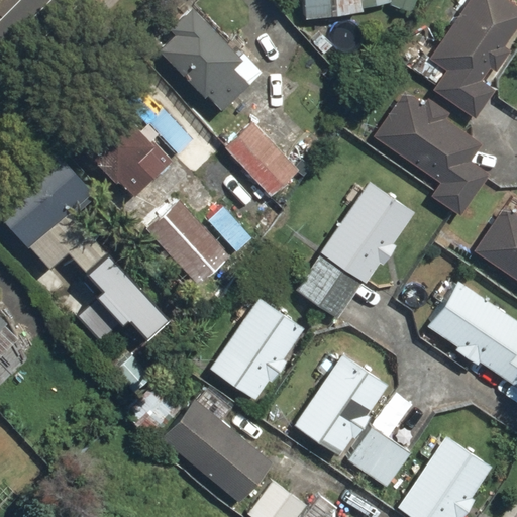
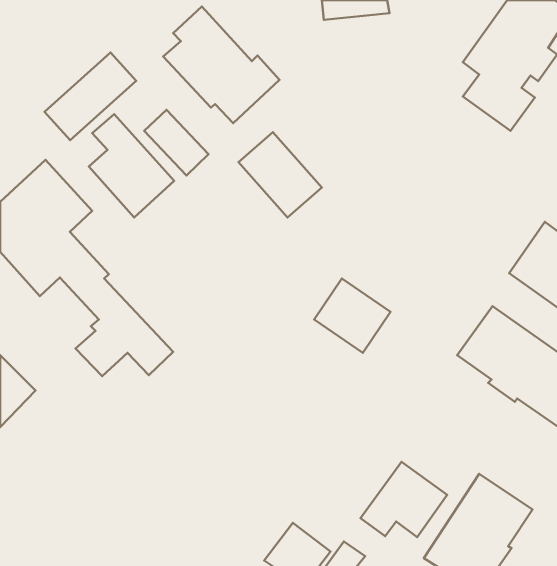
building: none -> [45,53,136,140]
building: [374,90,492,217] -> none
building: [320,183,414,285] -> none
building: [145,199,231,287] -> none
building: [210,296,306,401] -> none
building: [295,353,389,455] -> none
building: [158,383,268,506] -> none

